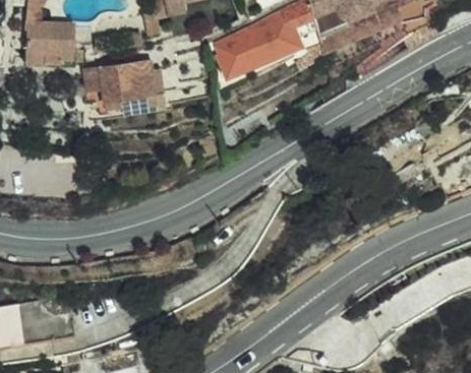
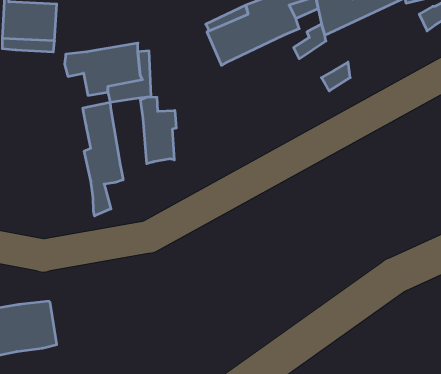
building: none -> [140,97,176,164]
building: none -> [83,102,123,216]

